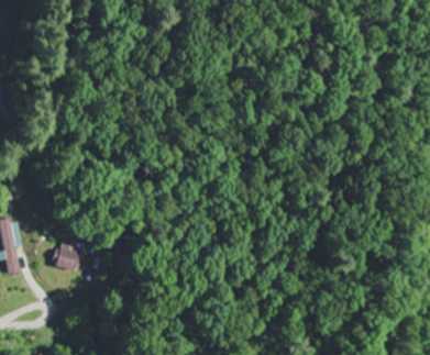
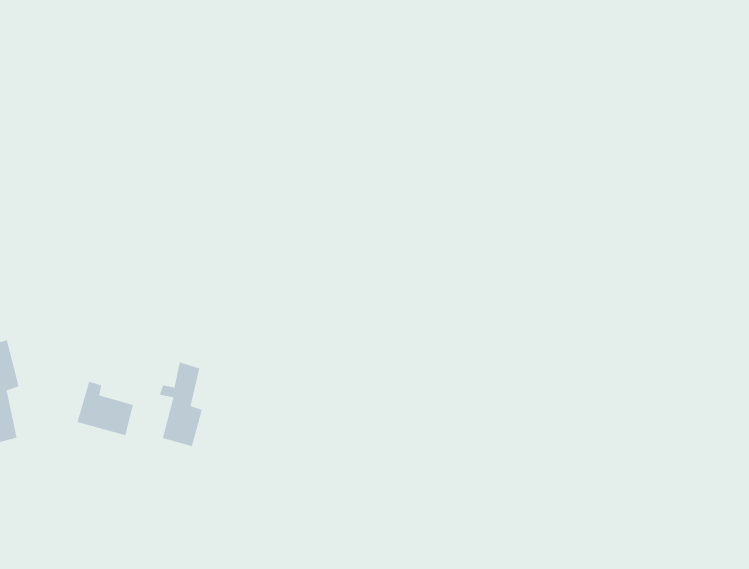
building: none -> [159,362,203,447]

